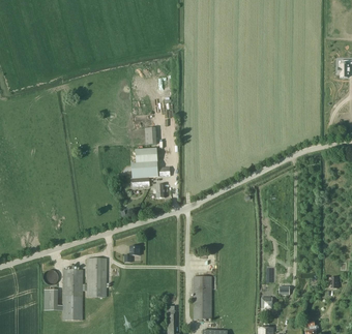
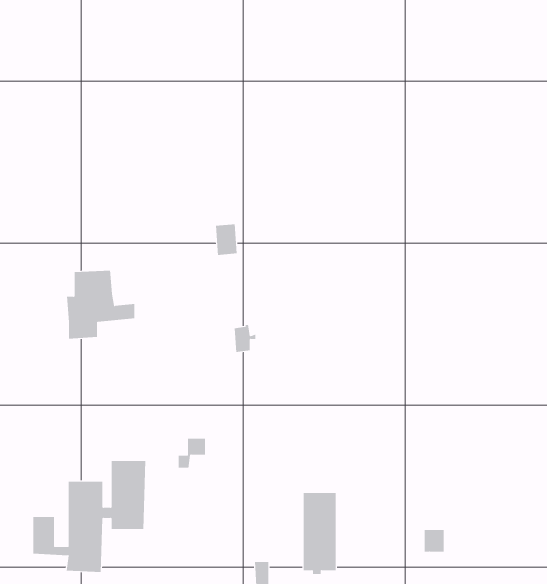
building: [131,148,170,186] -> [66,270,135,339]

